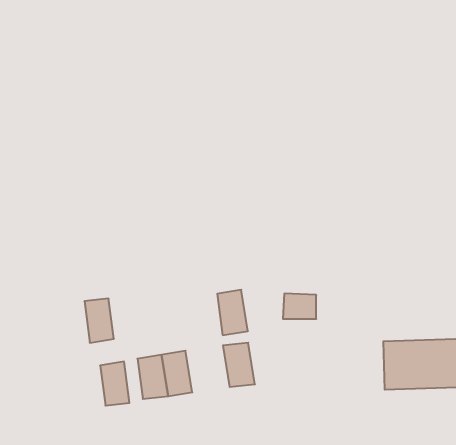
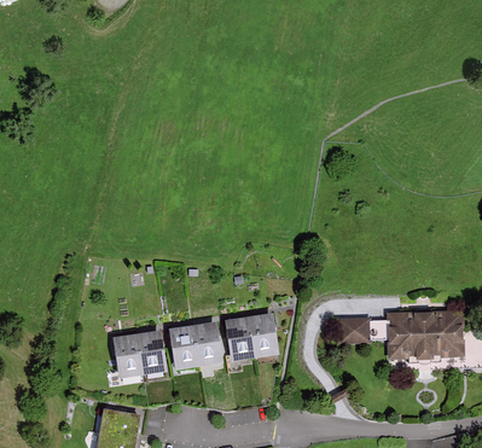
building: [217,290,248,335] -> [225,319,252,360]
building: [283,294,316,319] -> [341,319,371,342]
building: [84,299,114,343] -> [114,337,140,377]

